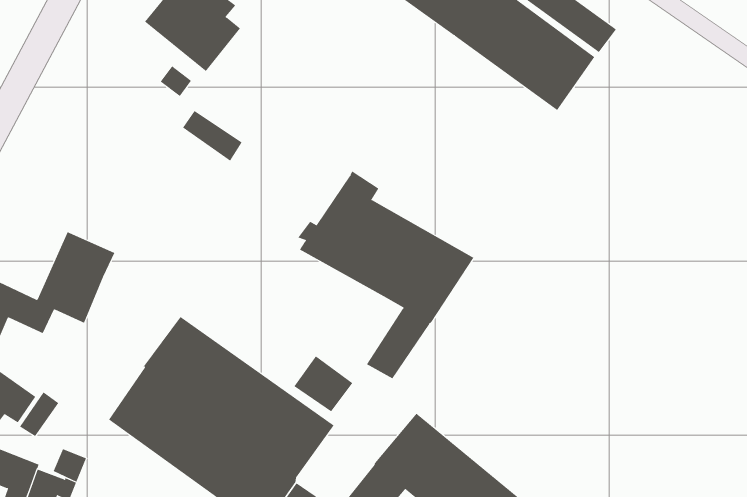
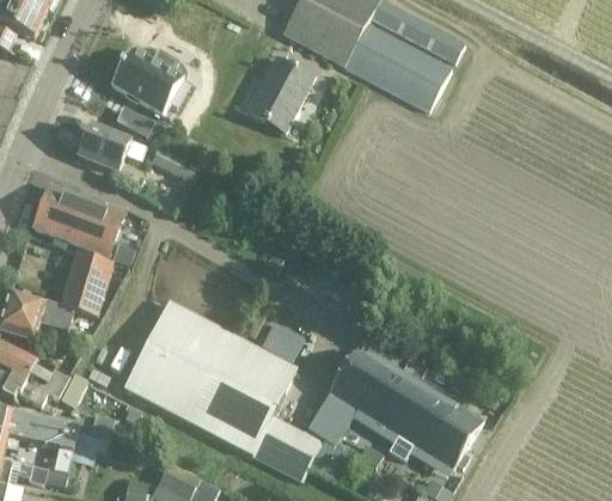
building: none -> [246,56,313,132]
building: none -> [76,123,146,171]
building: none -> [32,182,124,255]
building: [298,170,474,379] -> none

